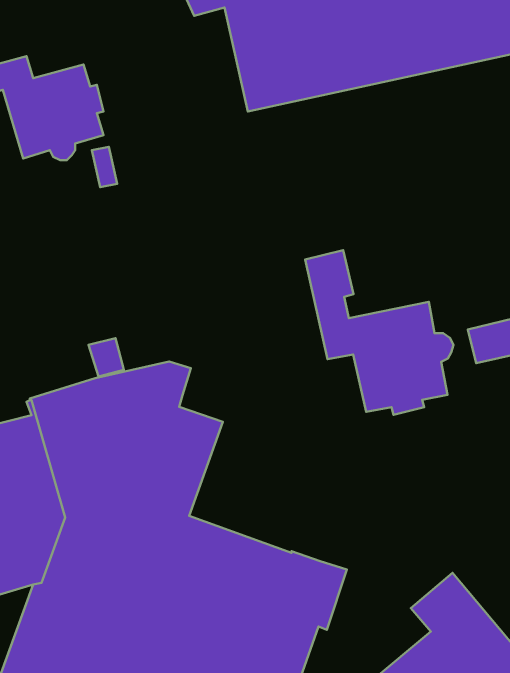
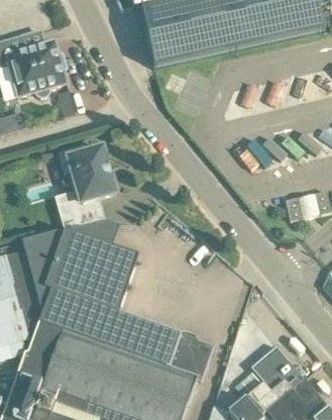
building: none -> [59,143,115,202]
building: [305,250,453,415] -> none

